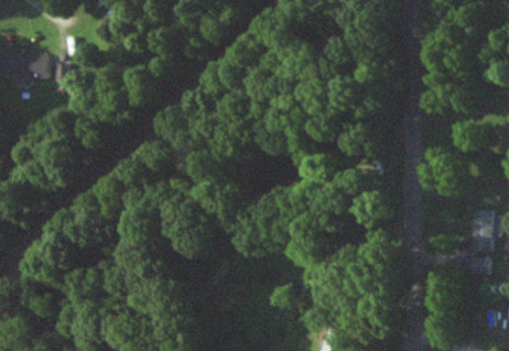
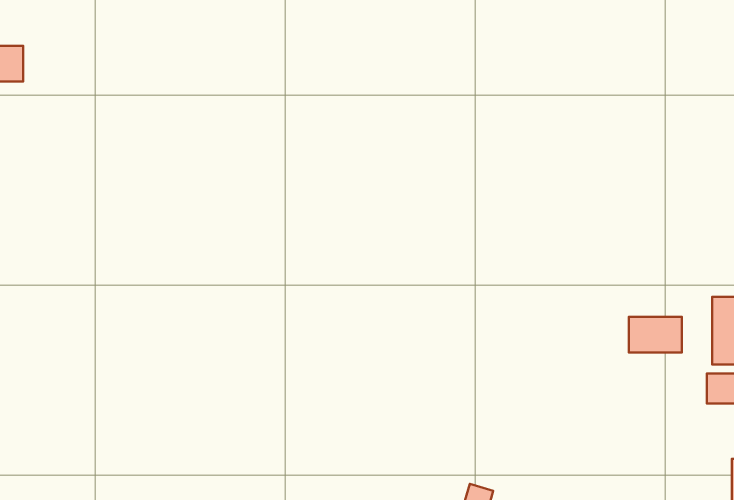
building: none -> [629,317,682,352]

